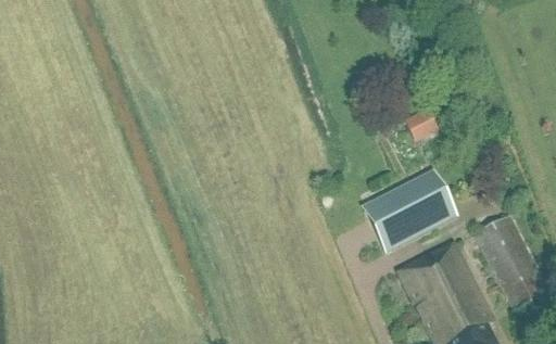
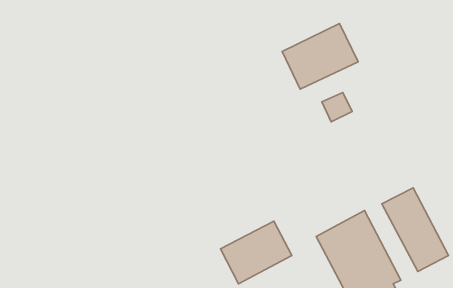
building: none -> [282,23,358,89]
building: [370,174,452,245] -> [220,221,292,284]

